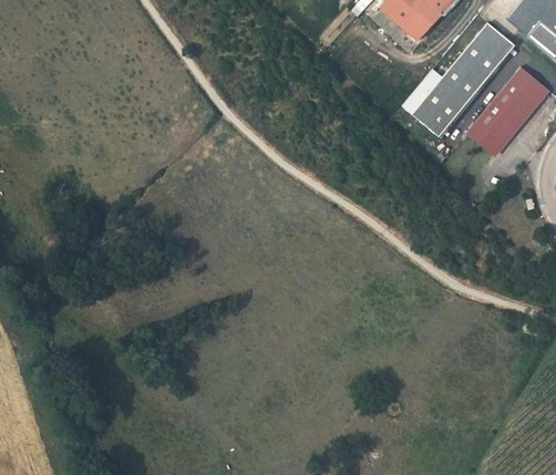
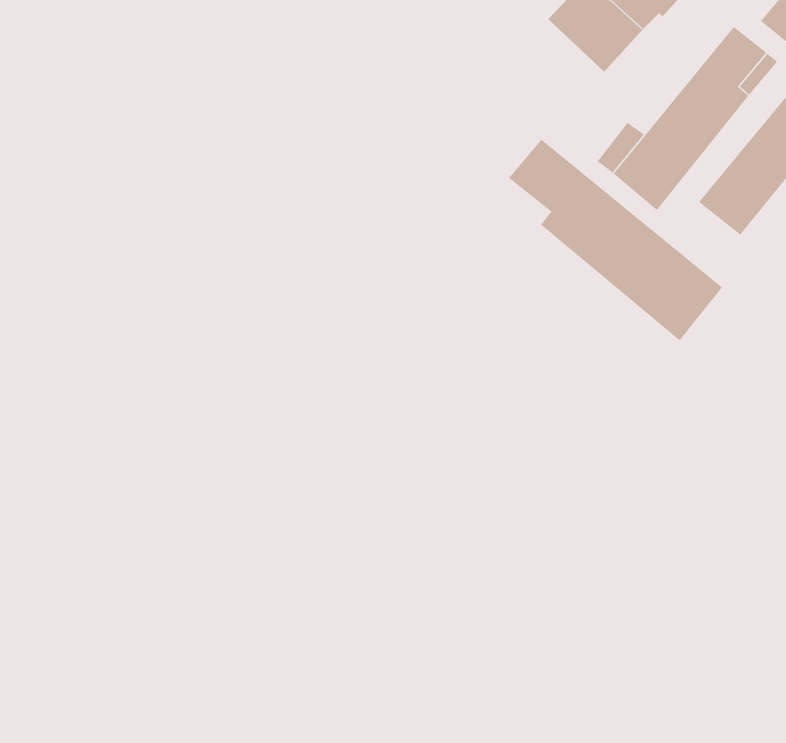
building: none -> [508,139,723,341]

